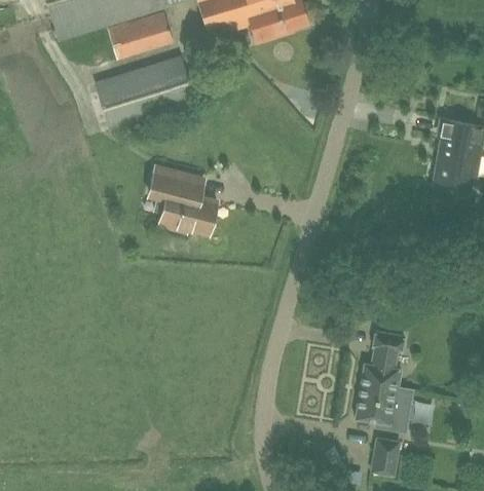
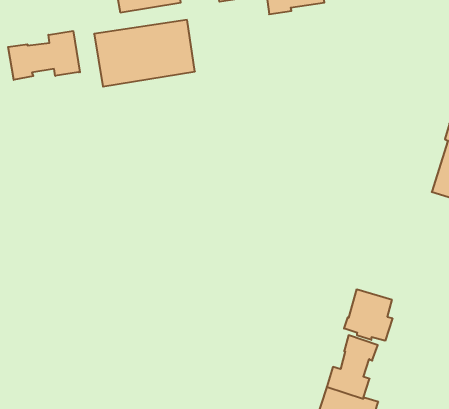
building: none -> [8,31,80,80]
building: [149,165,217,232] -> none
building: none -> [344,289,392,341]

